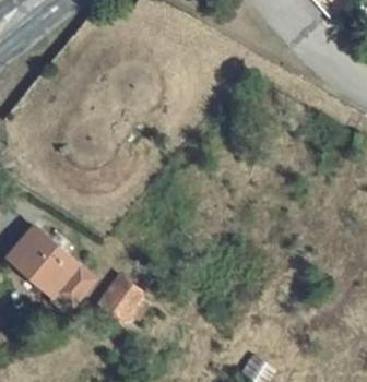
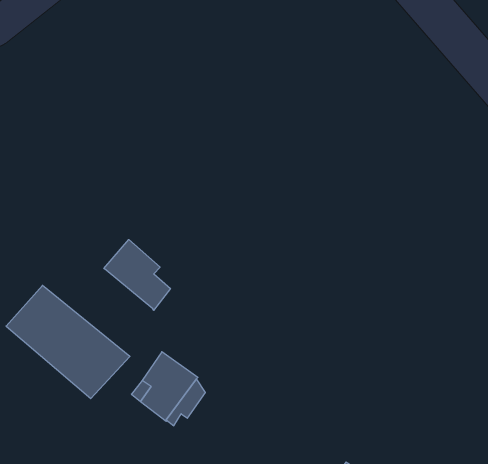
building: none -> [104,240,170,310]

